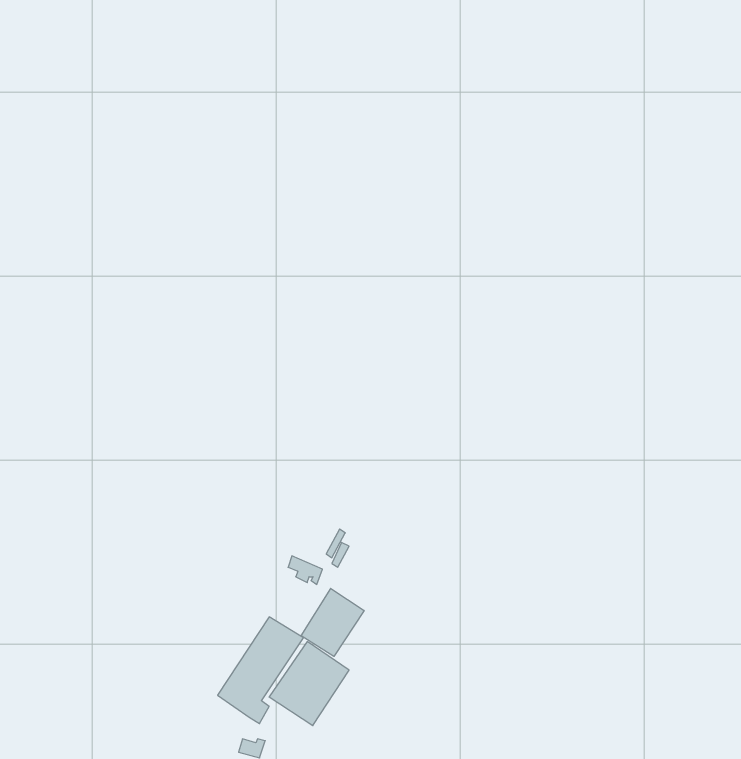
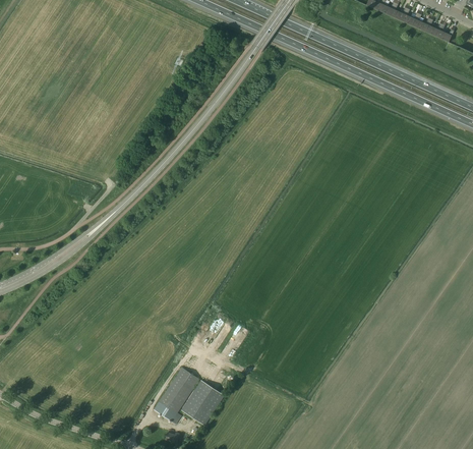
building: [301,588,364,656] -> none

